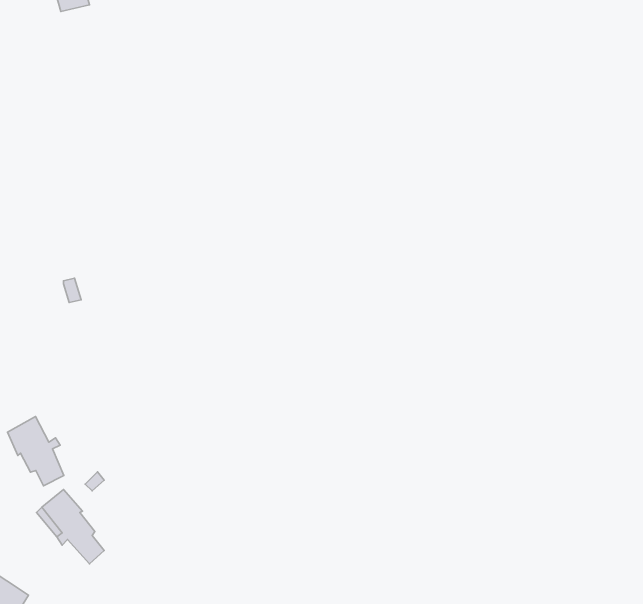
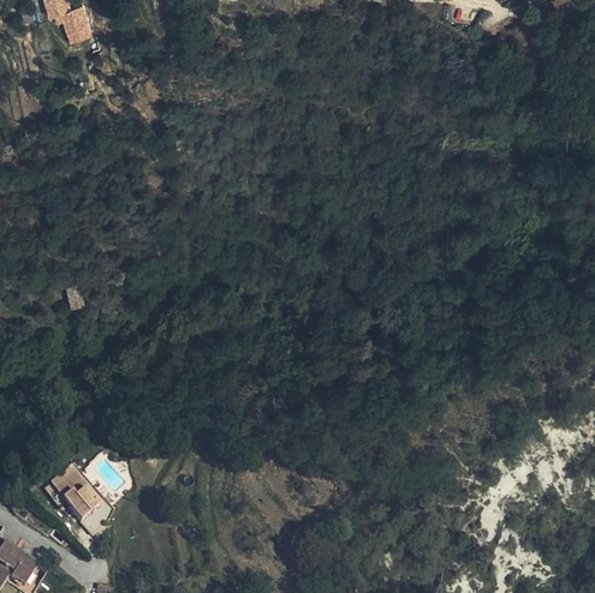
building: [8,416,64,486] -> none

